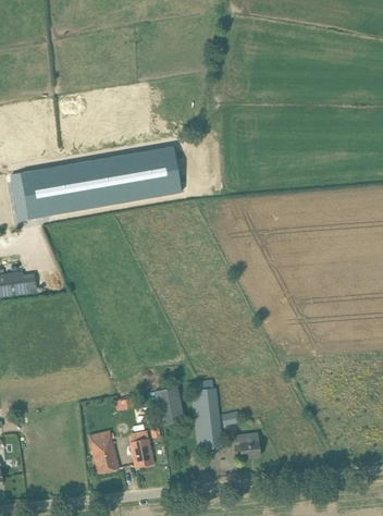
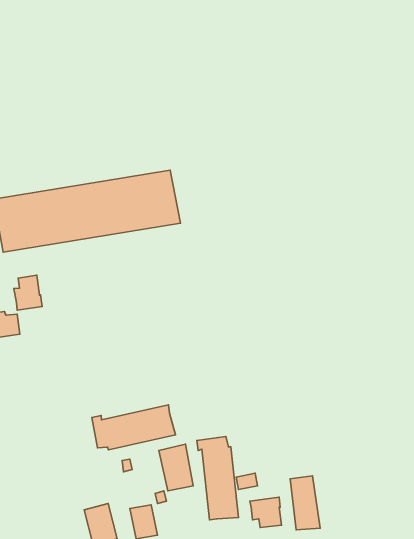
building: none -> [14,275,42,310]
building: none -> [92,405,175,450]
building: none -> [290,476,320,530]

